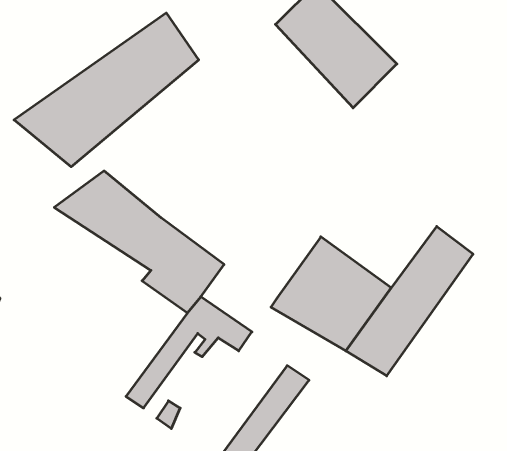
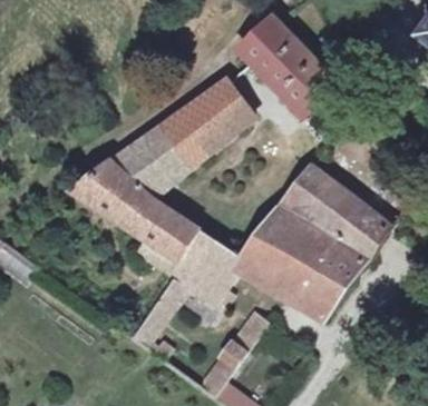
building: [14,13,199,167] -> [110,80,251,197]
building: none -> [275,164,363,250]
building: none -> [184,232,242,284]

